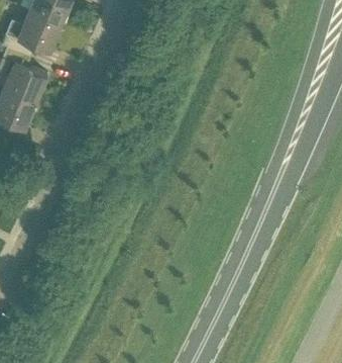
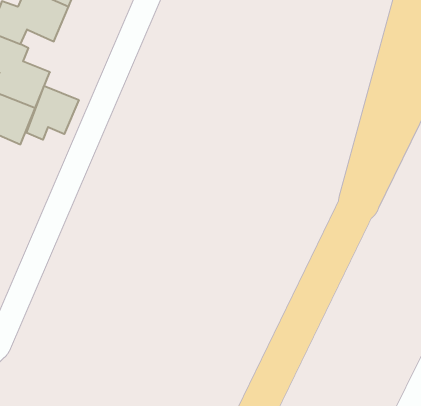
building: none -> [27,86,79,140]

